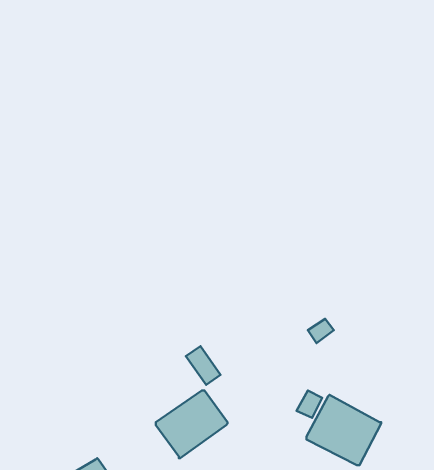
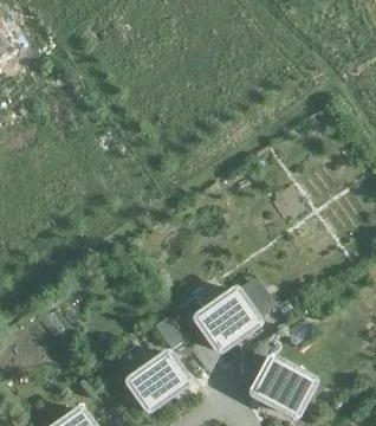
building: none -> [196,291,259,351]

